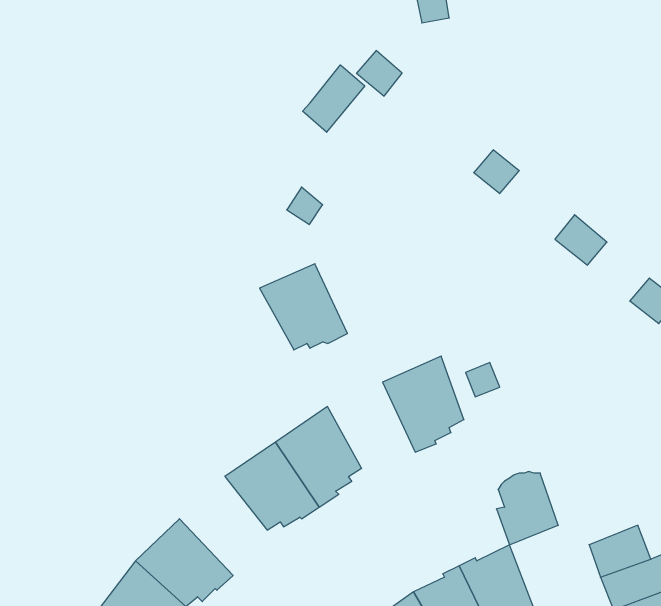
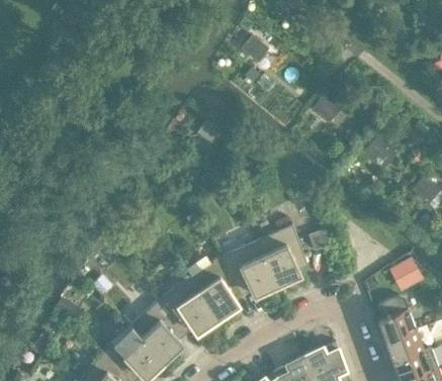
building: [303,65,365,132] -> none
building: [260,264,347,350] -> [223,242,277,295]
building: none -> [390,258,423,289]
building: [496,472,558,545] -> [377,297,416,343]
building: none -> [130,300,185,362]

